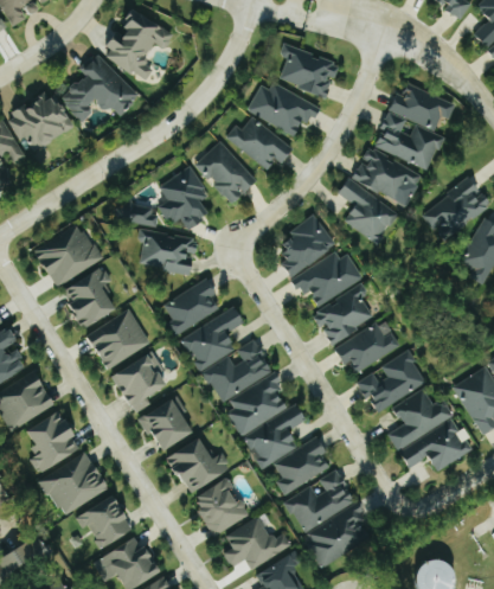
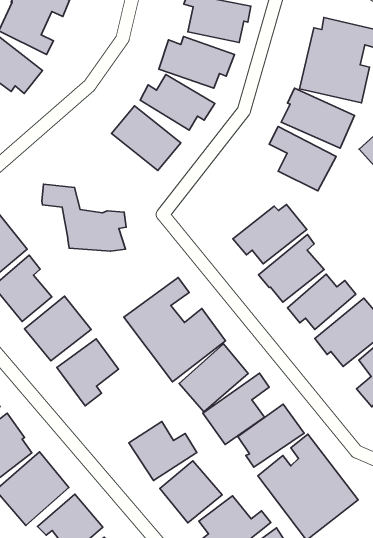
building: [159,168,210,230] -> none
building: [278,217,336,280] -> none
building: [163,277,219,337] -> none
building: [141,397,195,452] -> none

